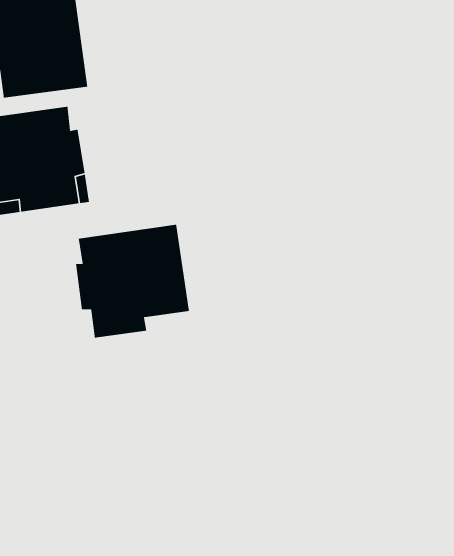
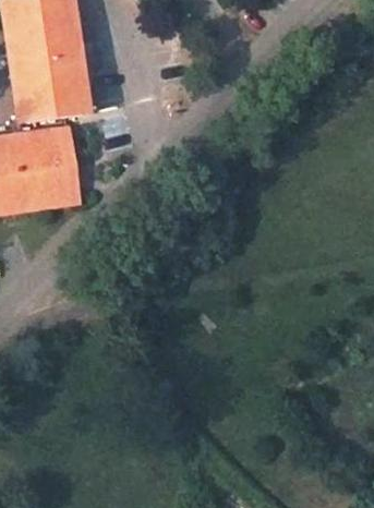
building: [75,224,190,338] -> none

